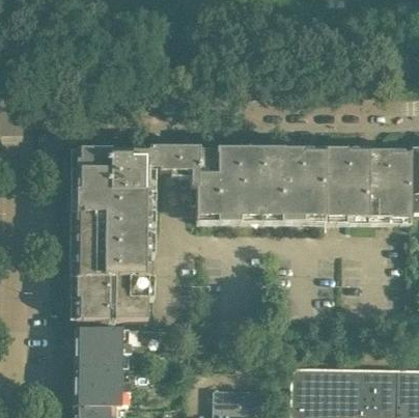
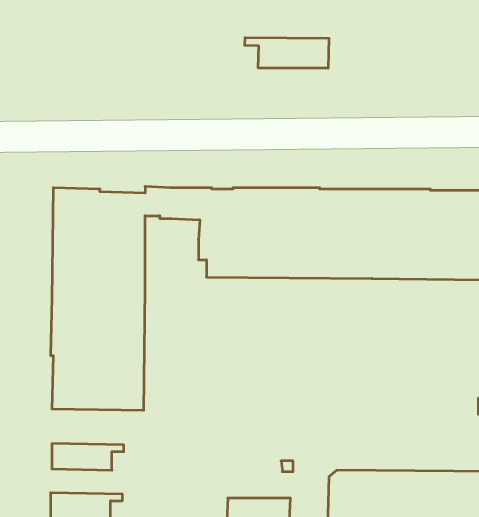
building: none -> [245,38,329,68]
building: [76,329,139,349] -> none
building: [75,367,131,387] -> none

